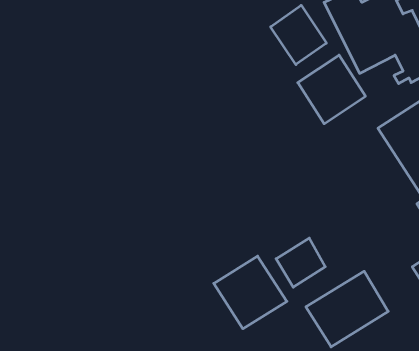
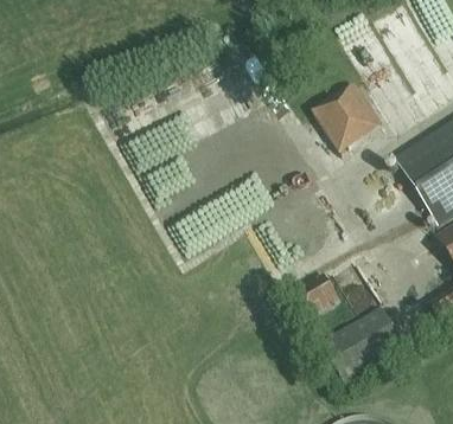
building: [271,5,326,65] -> none
building: [214,256,287,329] -> none

